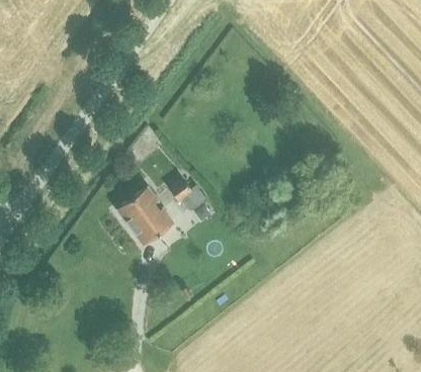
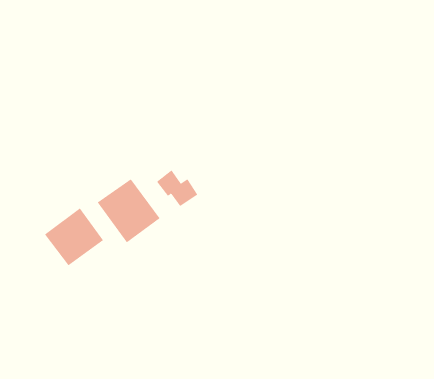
building: none -> [44,208,104,266]

